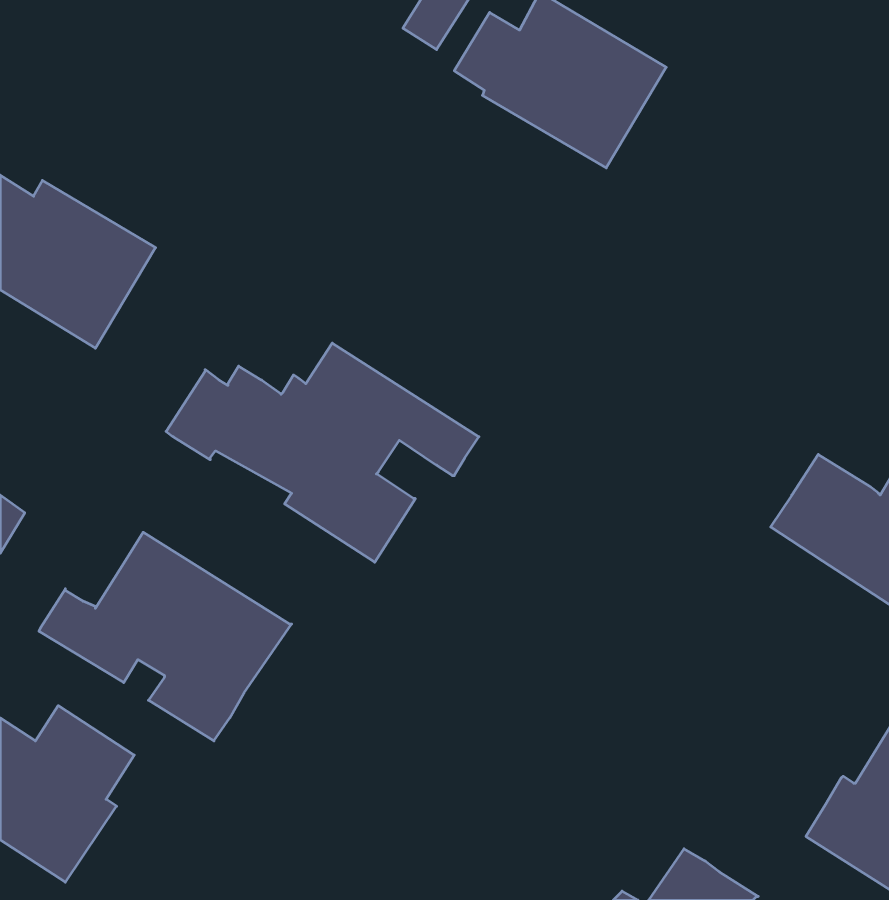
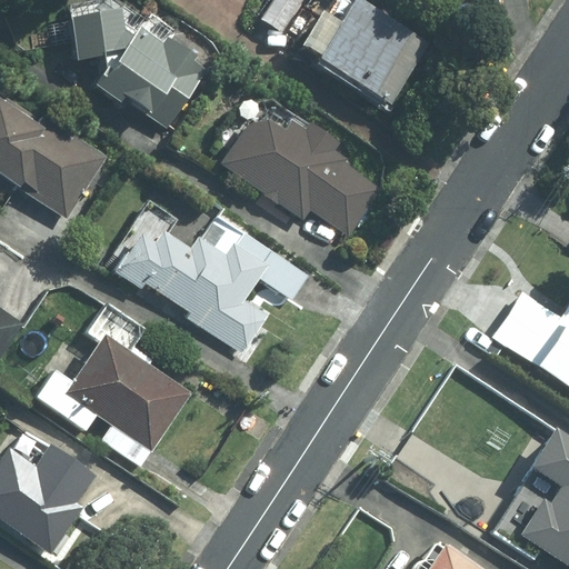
building: none -> [63,7,204,128]
building: none -> [218,121,381,234]

